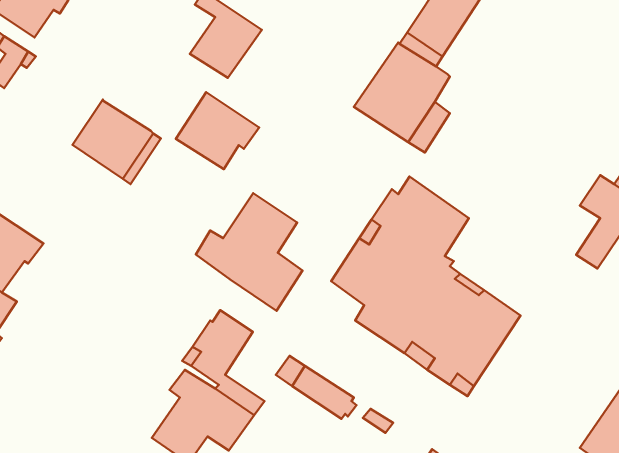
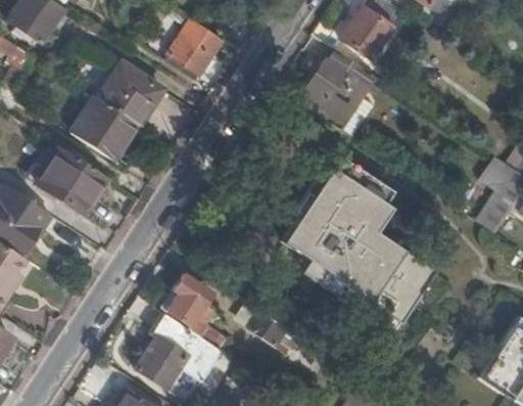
building: [176,92,259,169] -> [96,57,163,120]
building: none -> [36,145,107,212]
building: [196,193,303,311] -> none

